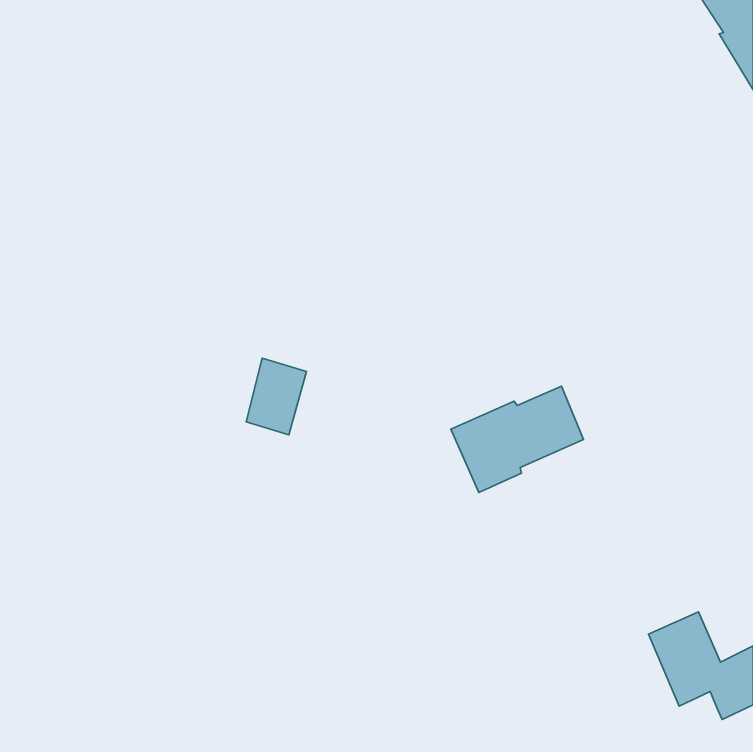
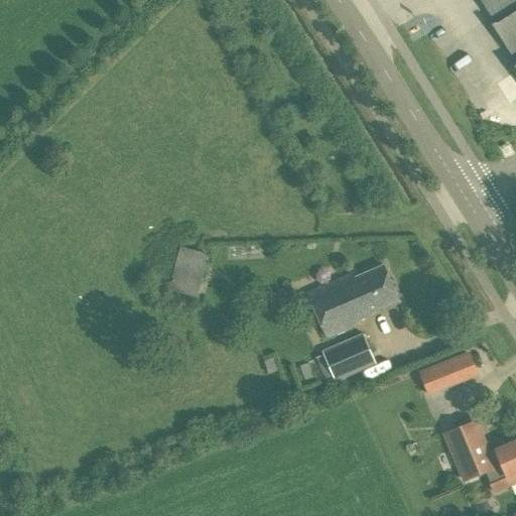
building: none -> [315,333,377,381]
building: none -> [421,353,478,391]

